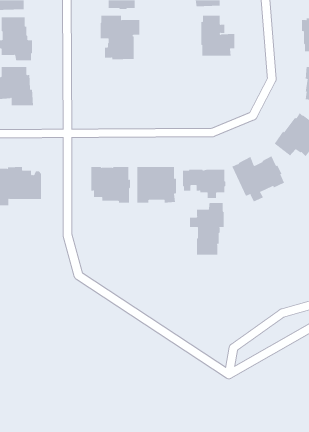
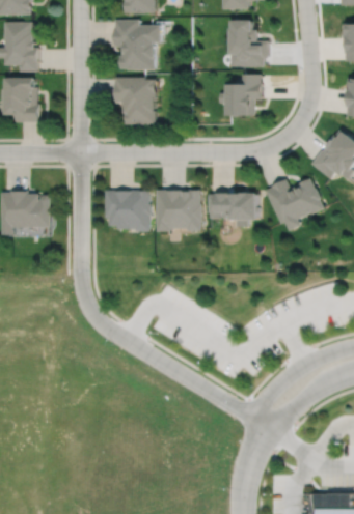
building: none -> [226,75,263,116]
building: none -> [114,78,157,126]
building: [190,202,224,256] -> none

